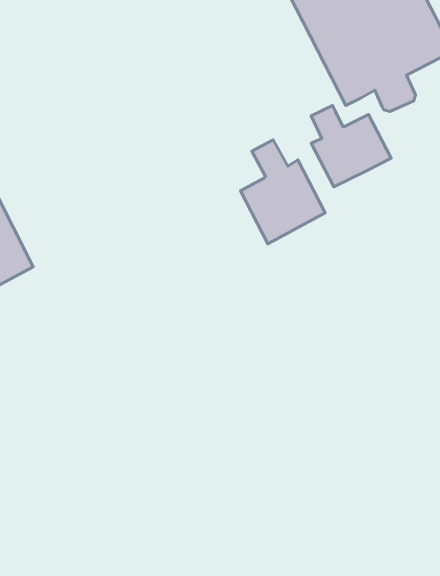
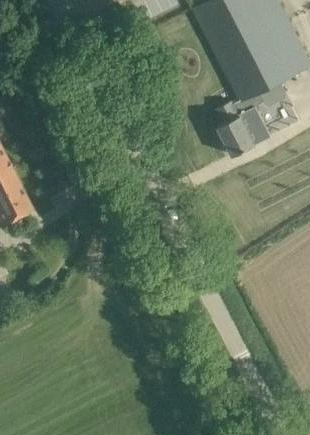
building: [240,140,325,244] -> none

